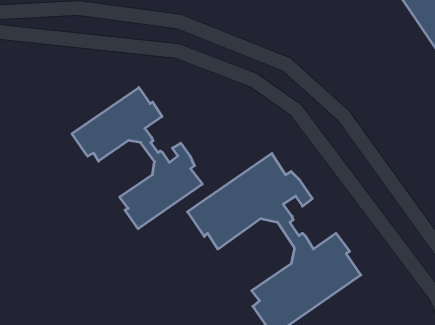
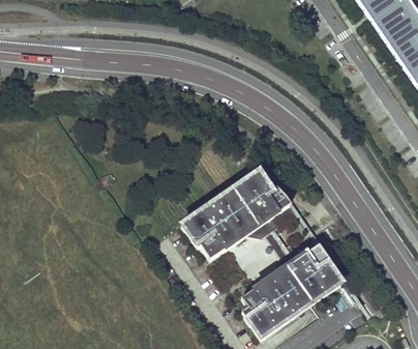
building: [72,87,202,229] -> none

